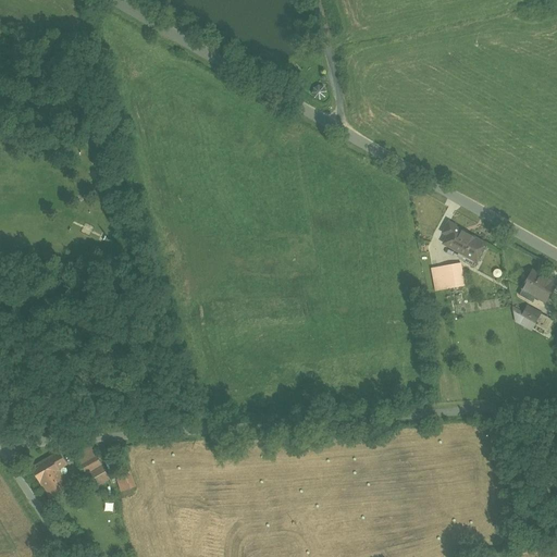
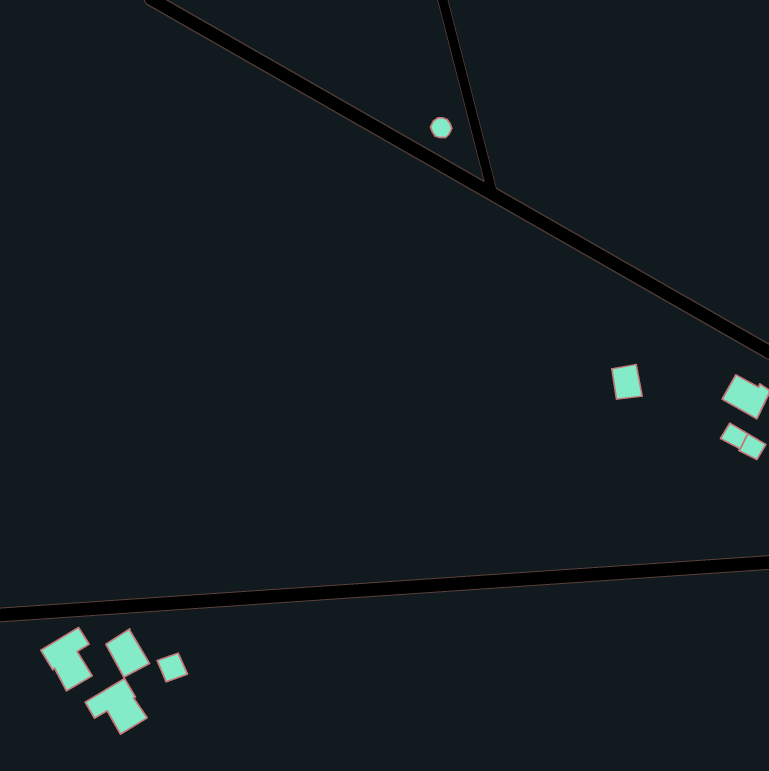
building: [442,222,482,259] -> none
building: none -> [85,678,147,734]

